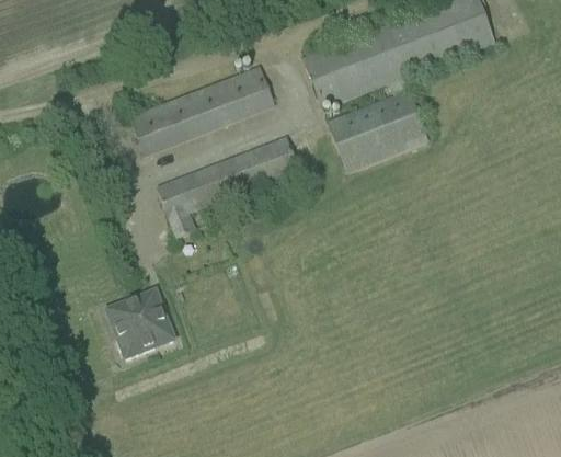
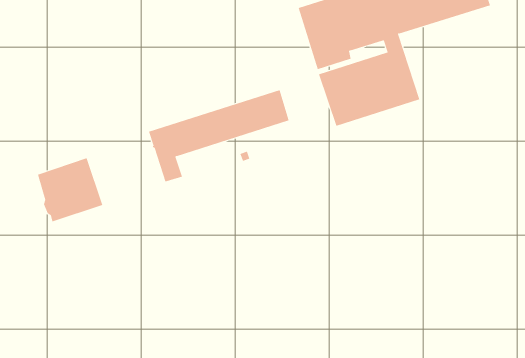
building: [129,65,275,155] -> none
building: [108,290,176,357] -> [37,158,103,222]

